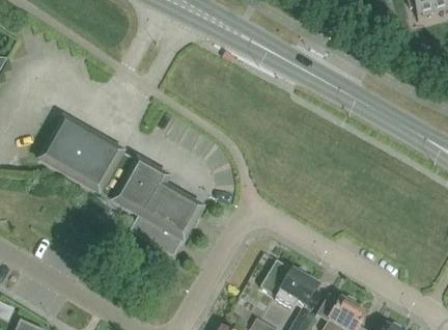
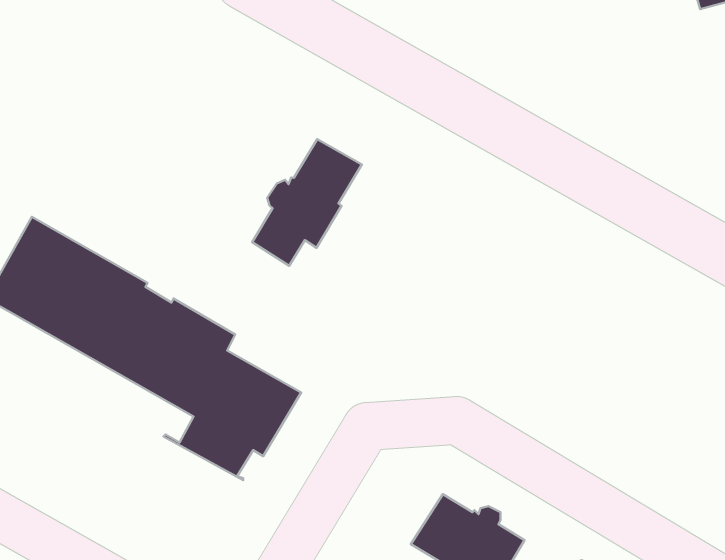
building: none -> [252,139,362,266]

